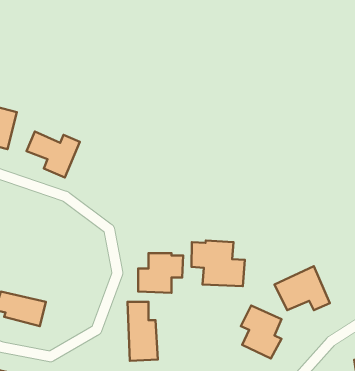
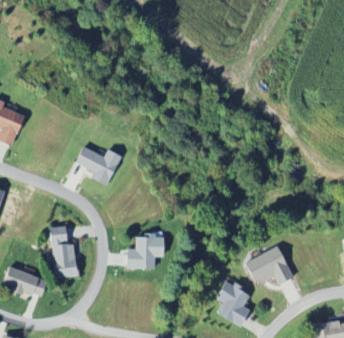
building: [27,131,80,178] -> [75,146,121,186]
building: [191,240,245,286] -> none
building: [128,302,158,361] -> [50,226,76,277]

